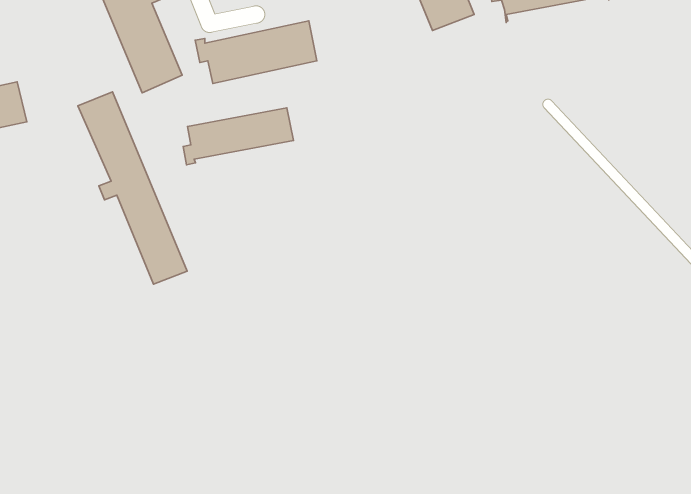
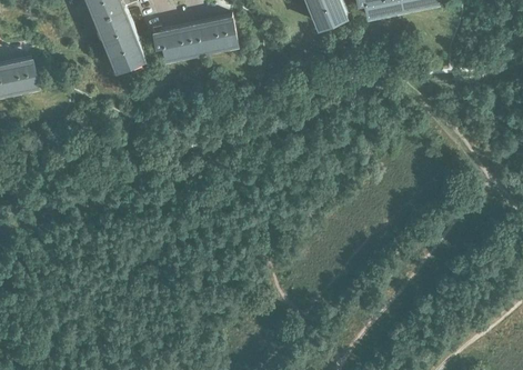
building: [78,92,187,284] -> none
building: [183,108,293,165] -> none

